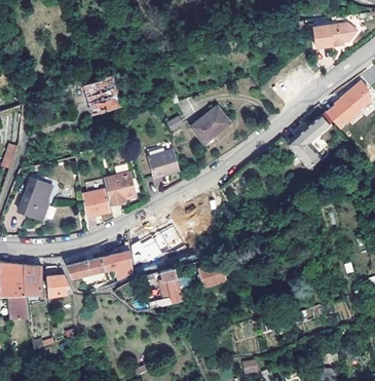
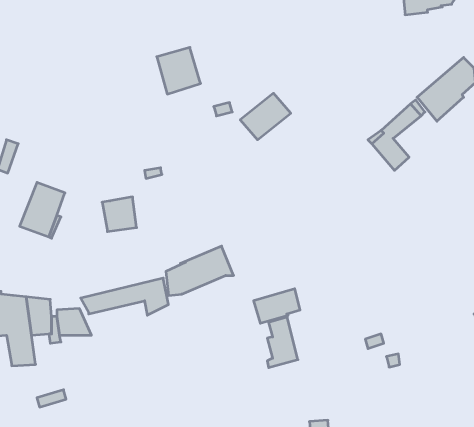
building: [81,76,115,112] -> [157,47,201,94]
building: [146,143,179,178] -> none
building: [104,176,134,205] -> none
building: [159,268,183,307] -> [267,317,298,368]

